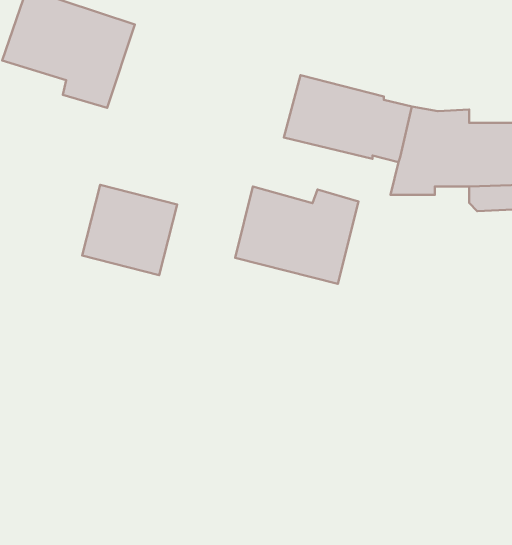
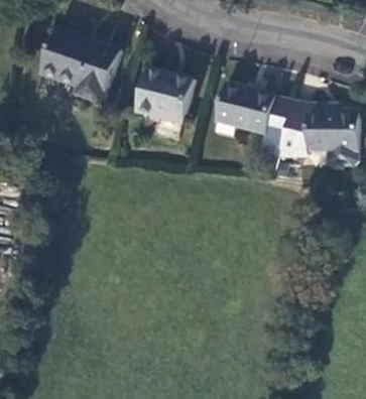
building: [82,185,177,275] -> [135,66,194,122]
building: [235,187,359,284] -> none

